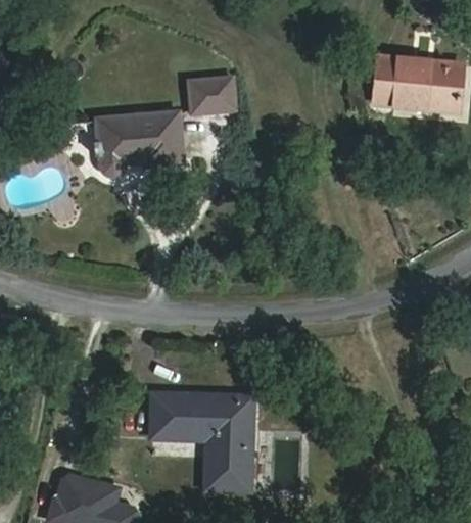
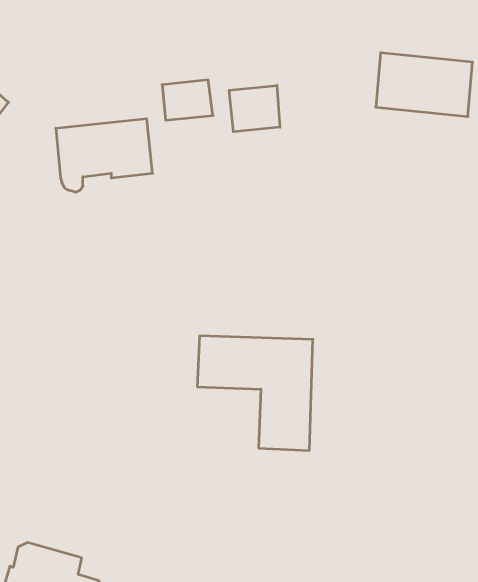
building: none -> [229,85,280,132]
building: [150,391,250,490] -> [197,336,313,450]

